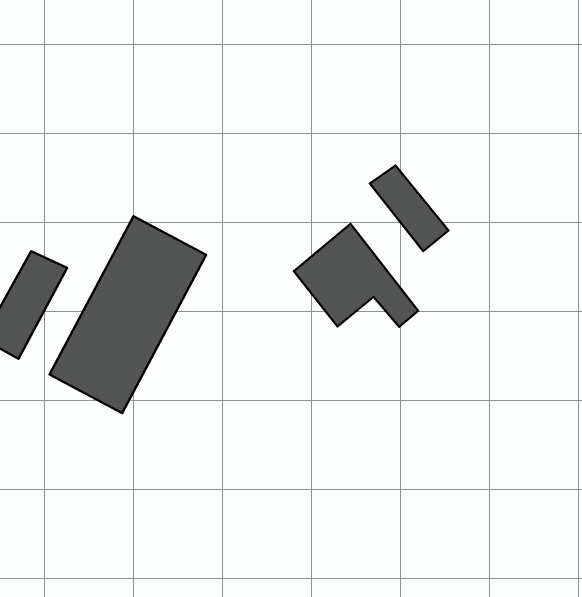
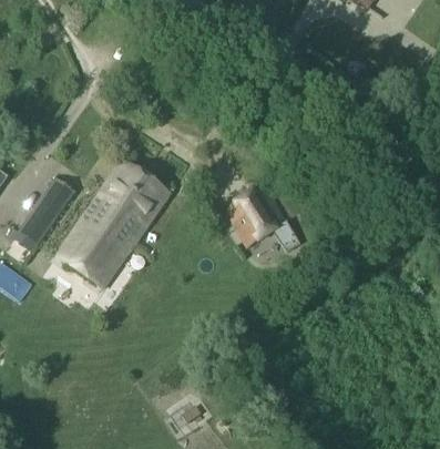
building: [370,166,449,251] -> none

